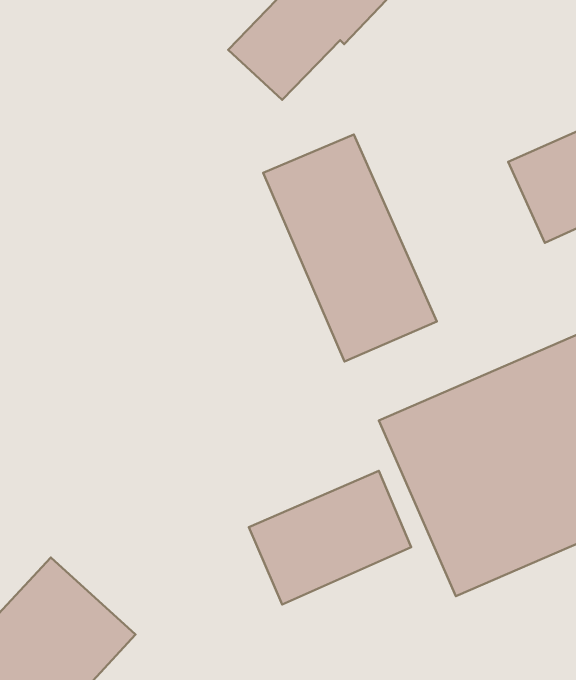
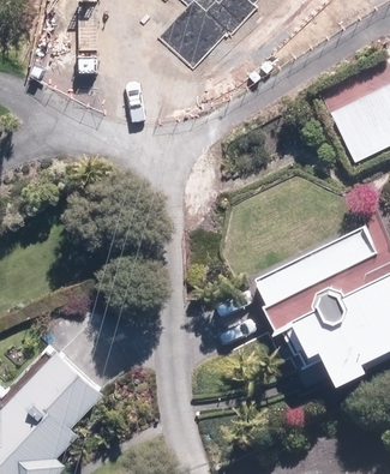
building: [263,135,437,361] -> none
building: [249,471,411,605] -> none

